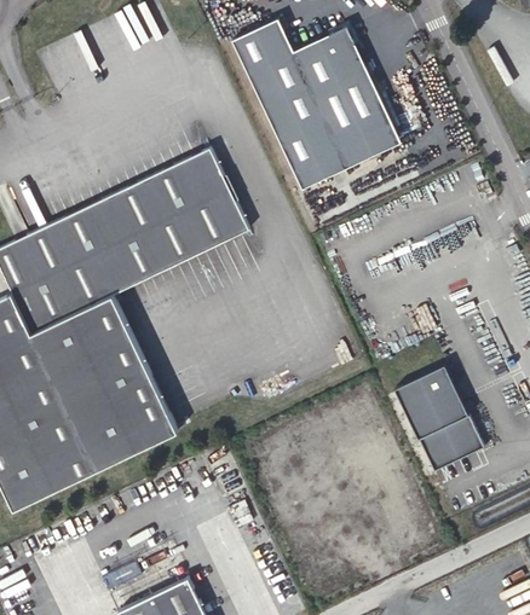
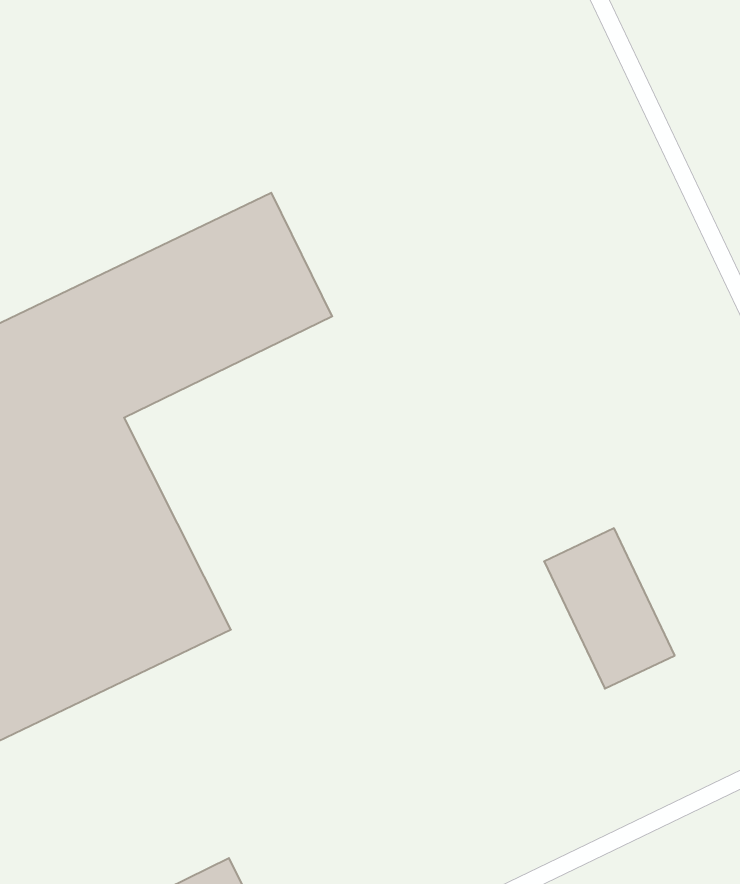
building: [232,24,397,187] -> none

